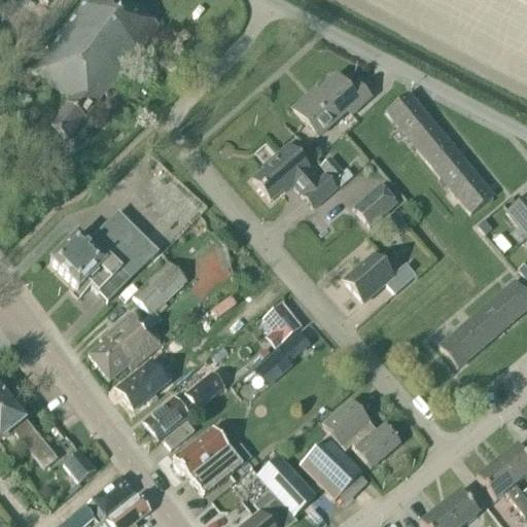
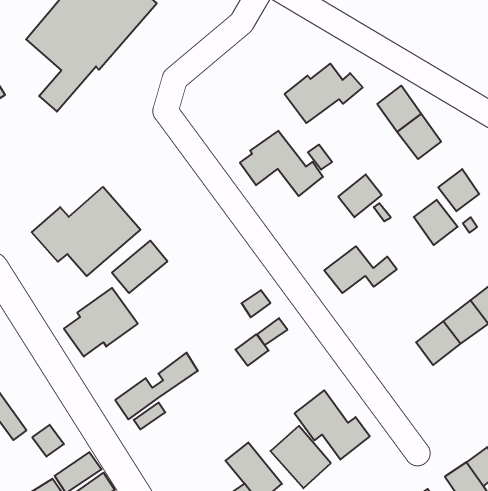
building: [431,144,476,189] -> [414,200,458,245]
building: [118,360,170,409] -> none
building: [174,426,253,495] -> none

